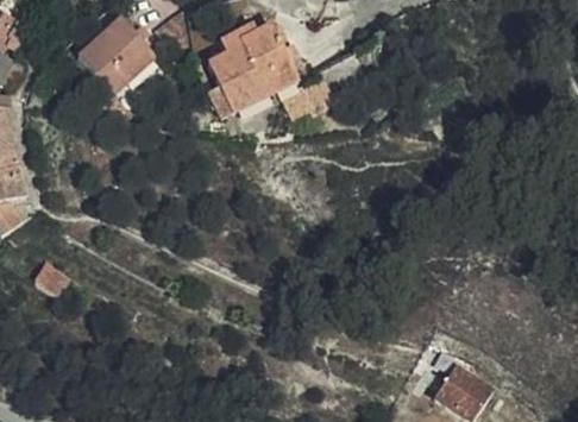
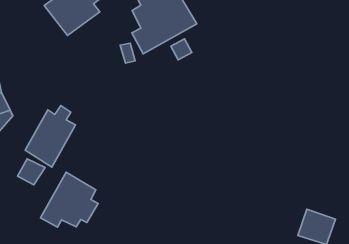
building: none -> [25,105,76,167]
building: none -> [40,172,98,227]

